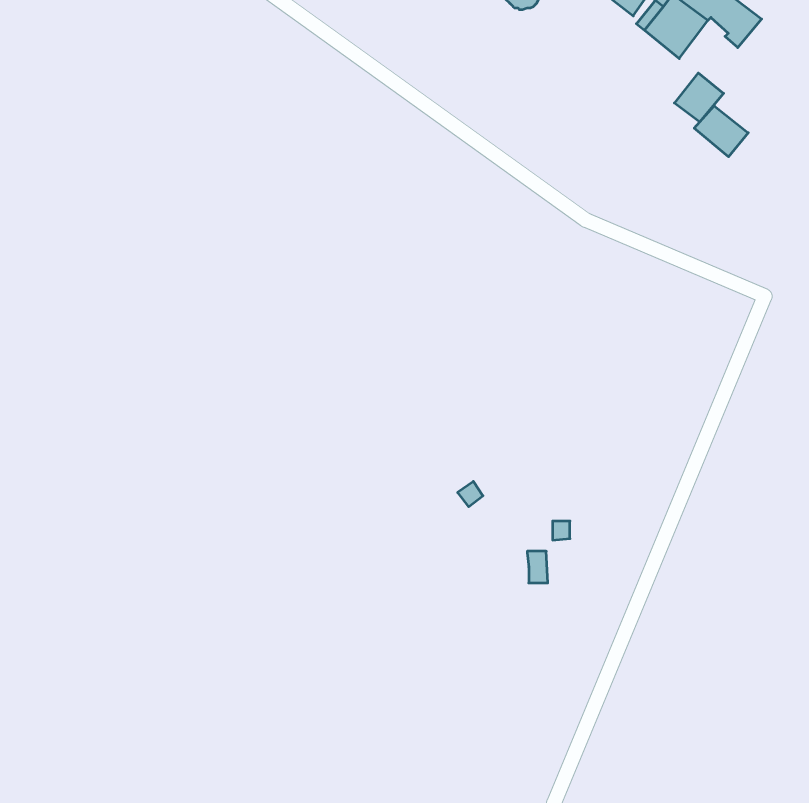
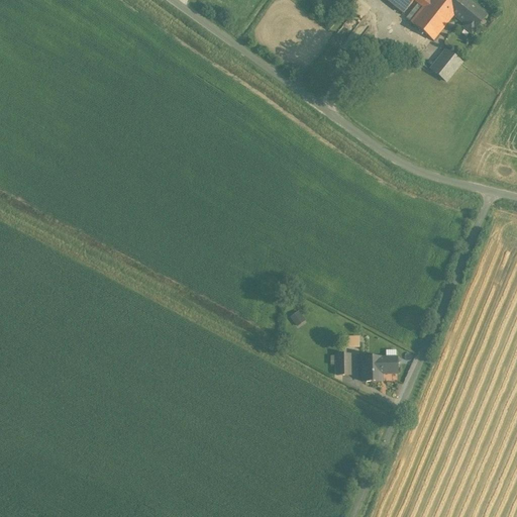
building: [694,106,748,157] -> none
building: none -> [361,354,396,379]

